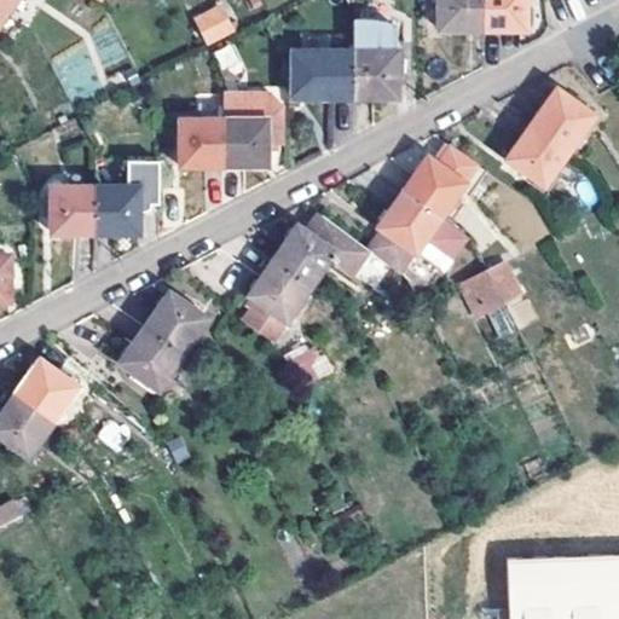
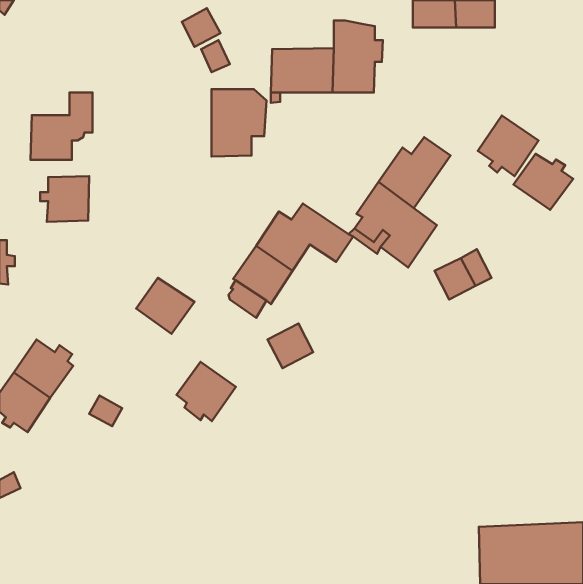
building: [531,89,594,149] -> [514,154,573,210]
building: [179,120,224,167] -> none
building: [93,162,158,233] -> [31,92,92,160]
building: [118,326,181,389] -> [177,362,236,421]

